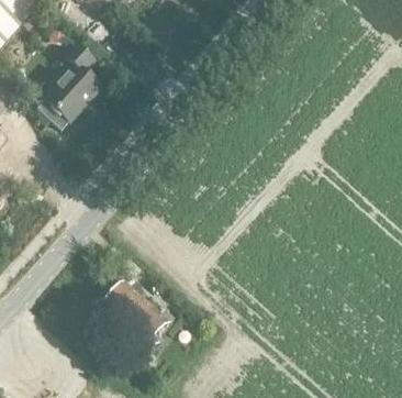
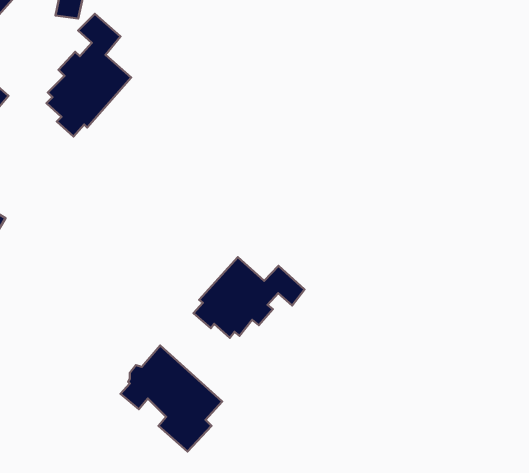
building: none -> [193,257,305,338]

